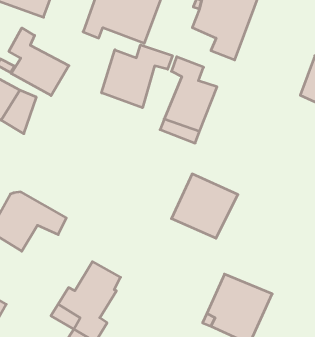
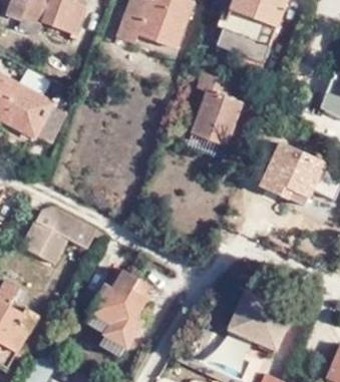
building: [9,28,69,96] -> none
building: [102,45,172,108] -> none
building: [171,174,238,238] -> [260,143,324,206]

